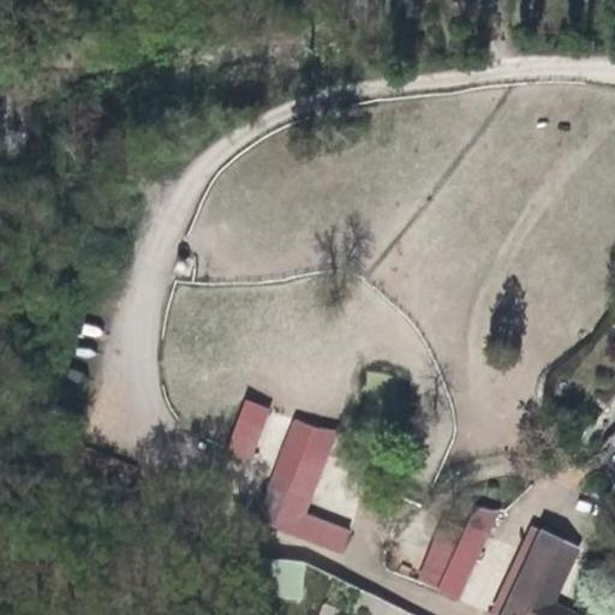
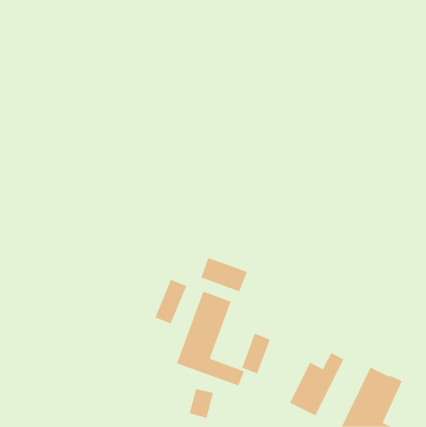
building: none -> [200,257,247,292]
building: none -> [242,333,271,374]

